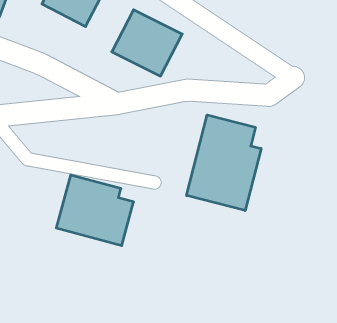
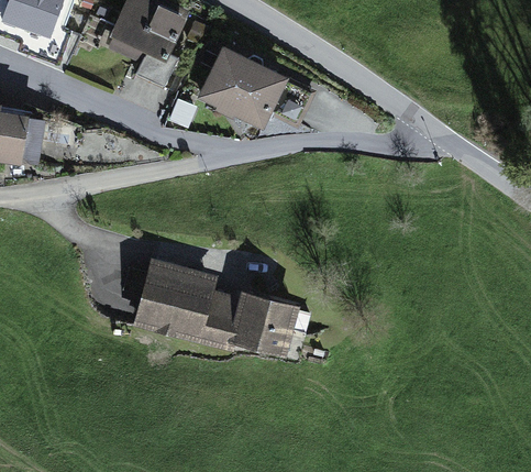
building: [187,115,261,211] -> none
building: none -> [234,295,298,358]

